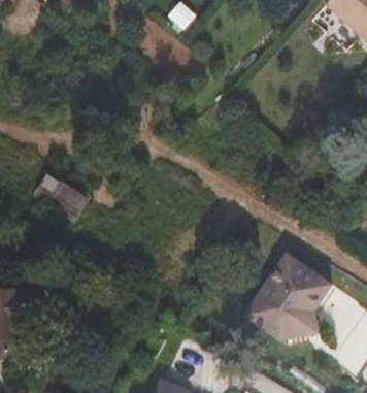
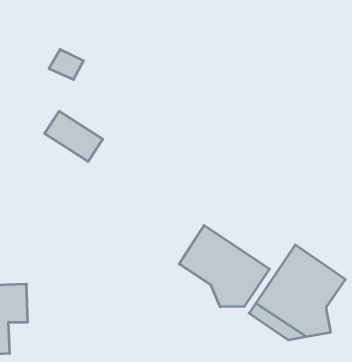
building: [33,174,87,221] -> [45,111,103,162]
building: none -> [179,225,270,307]

